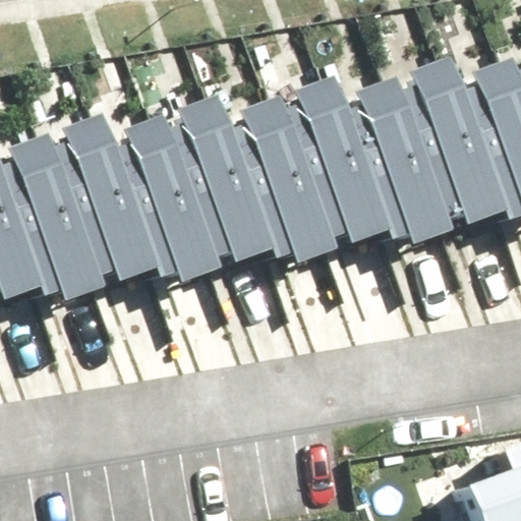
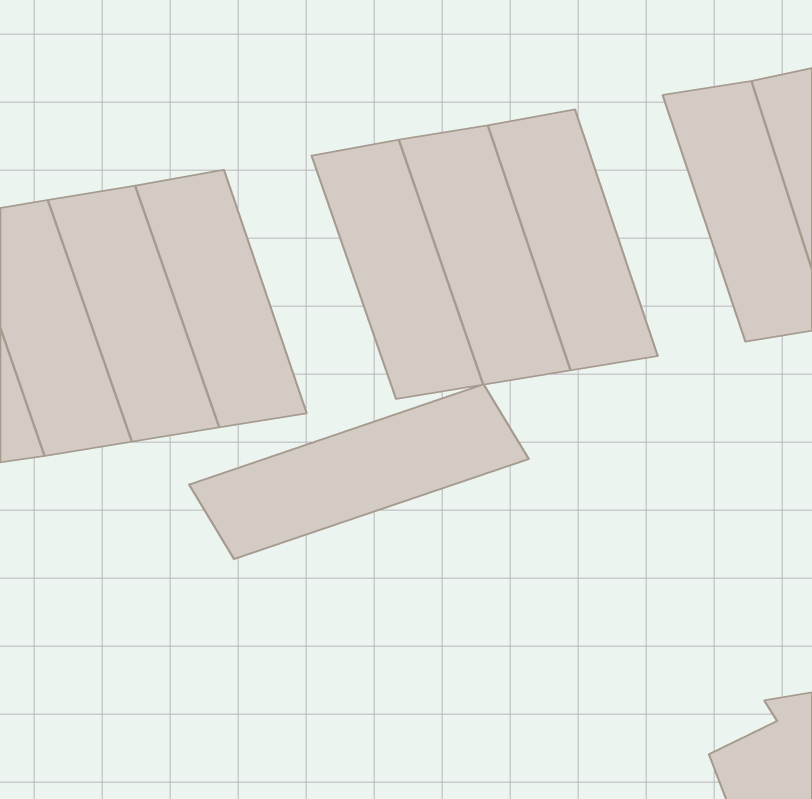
building: [368,69,477,236] -> none
building: [143,108,253,273] -> none
building: none -> [189,384,529,559]

